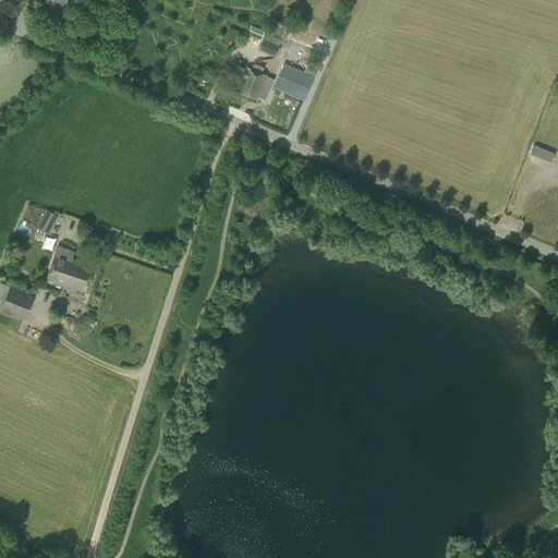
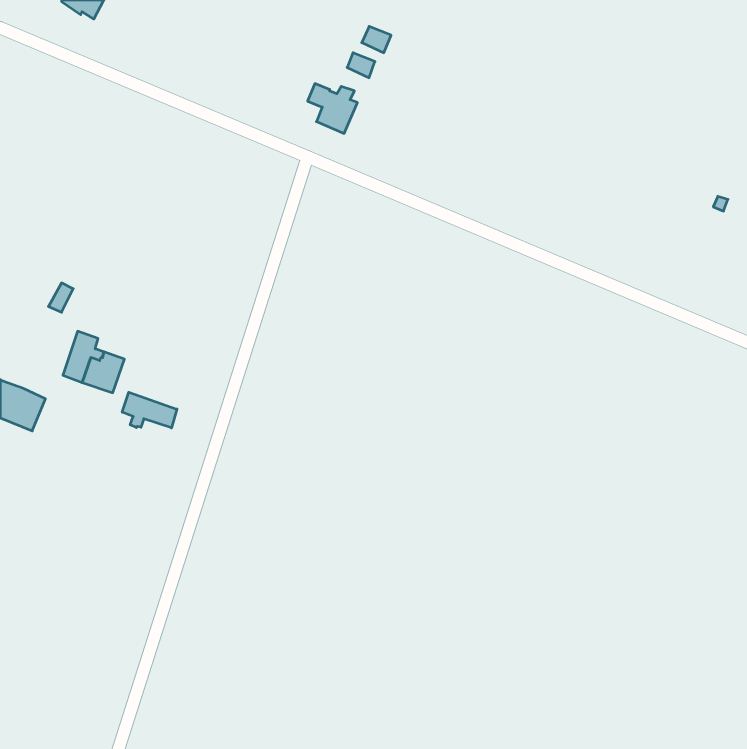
building: [274,63,315,101] -> none
building: none -> [122,392,177,428]

